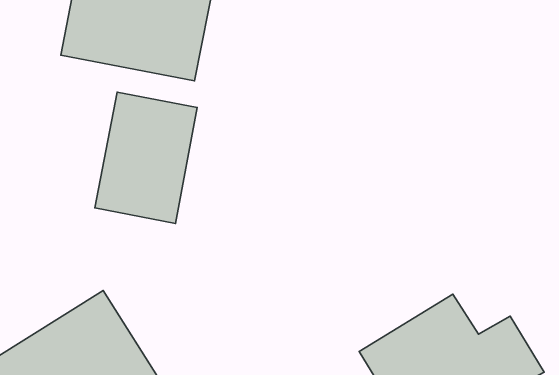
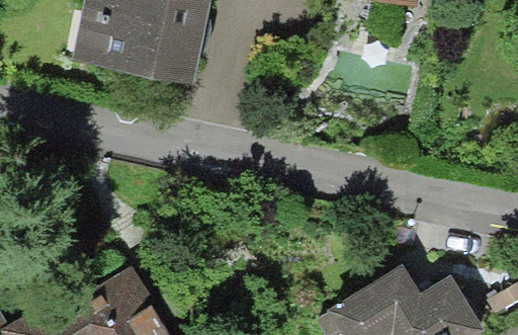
building: [95,92,197,223] -> none

